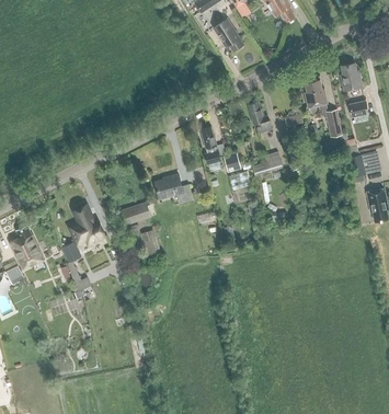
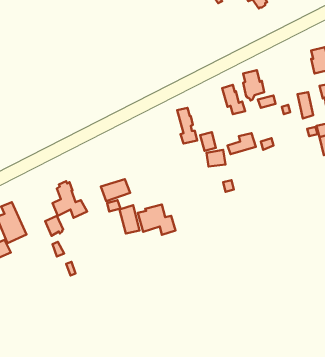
building: [214,19,244,50] -> none
building: [305,80,327,112] -> [243,70,264,101]
building: [153,171,193,203] -> [138,204,175,235]

